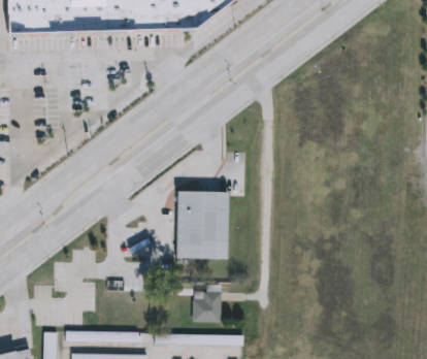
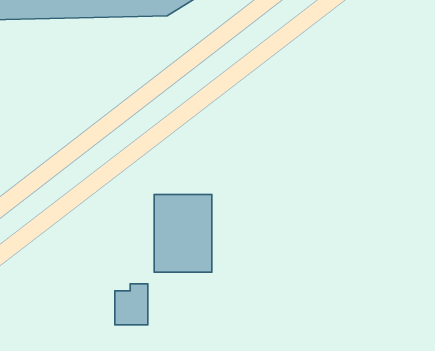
building: [193,285,222,321] -> [115,284,148,325]

